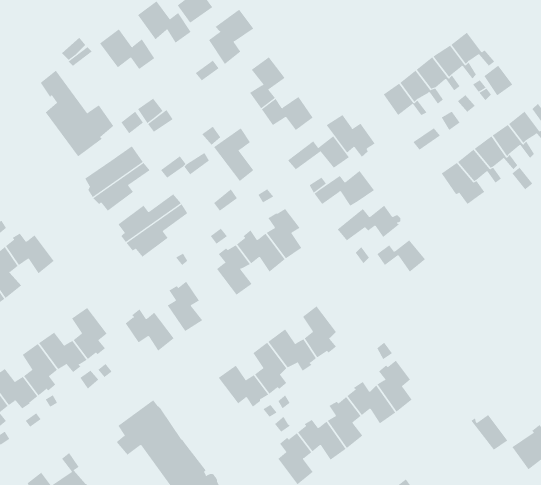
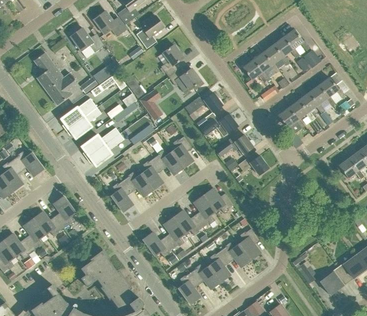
building: [326,114,376,157] -> none
building: none -> [202,188,233,213]
building: [125,309,174,351] -> [123,171,153,197]

